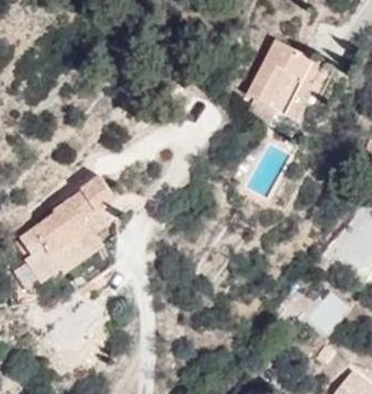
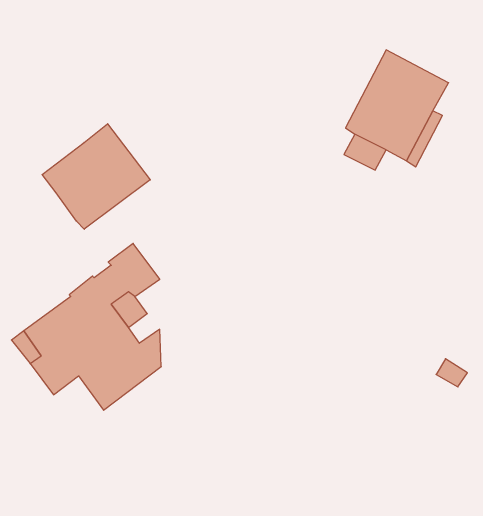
building: none -> [42,124,150,229]

